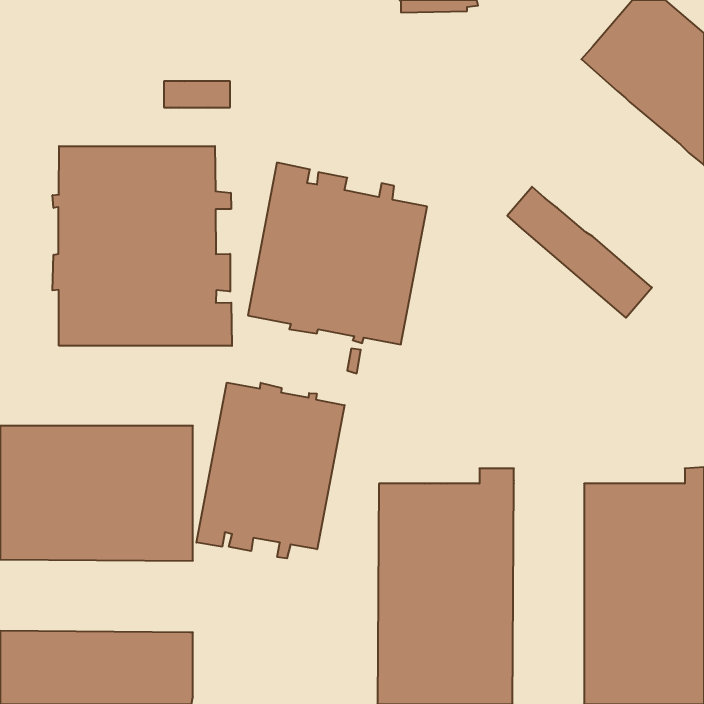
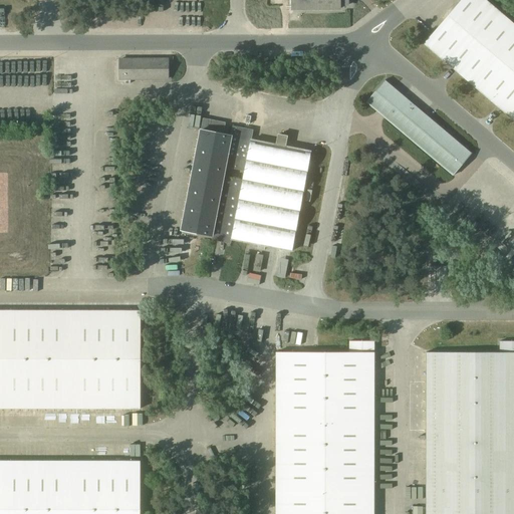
building: [52,146,232,346] -> none
building: [507,187,652,318] -> [366,80,472,176]
building: [196,383,345,558] -> none

